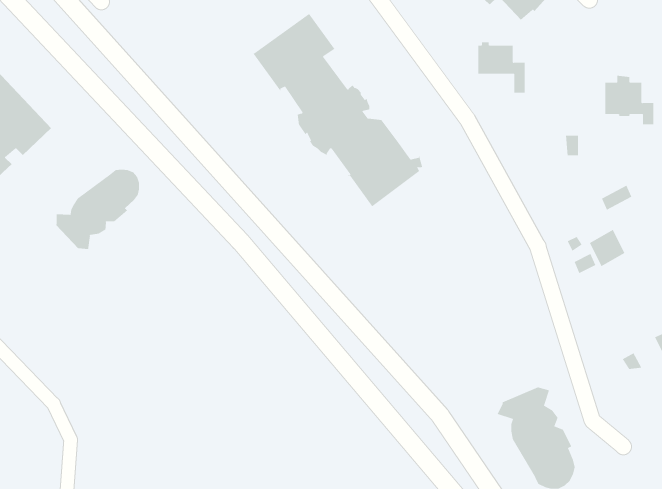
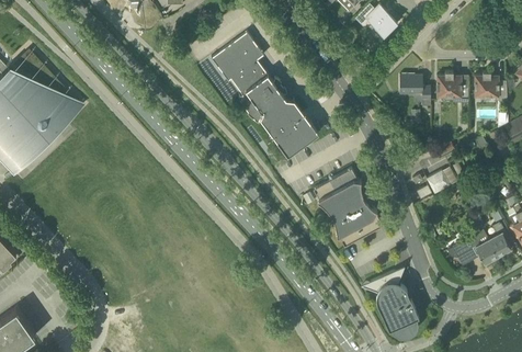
building: [478,42,526,93] -> [399,73,430,106]
building: [55,169,140,250] -> none
building: none -> [313,168,383,247]

